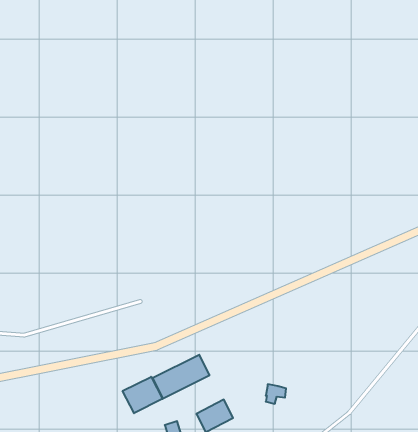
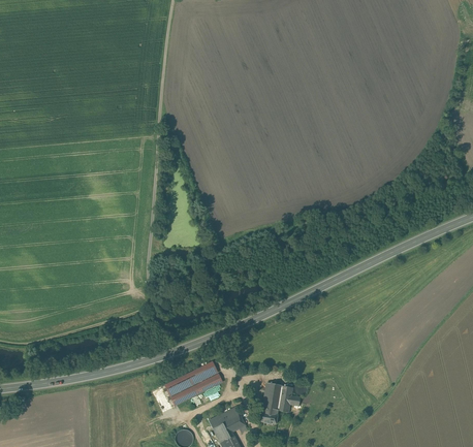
building: [123,377,163,413] -> none
building: none -> [259,389,281,424]

